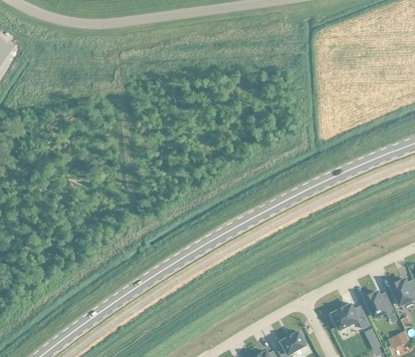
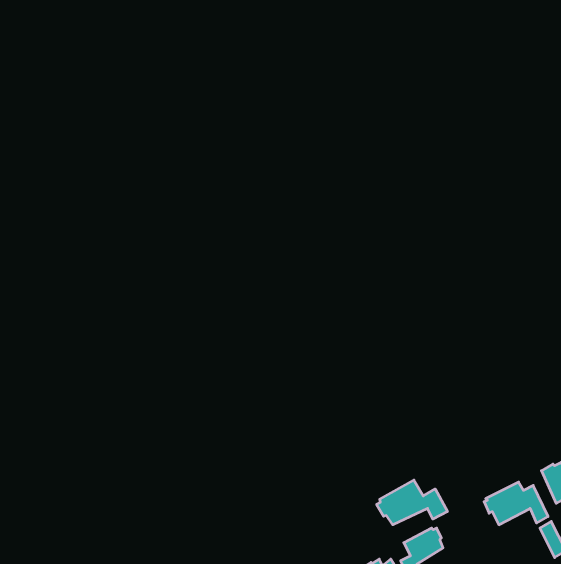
building: none -> [377,480,447,525]

